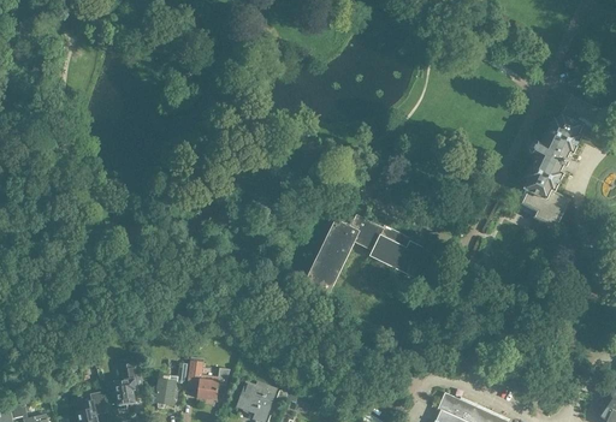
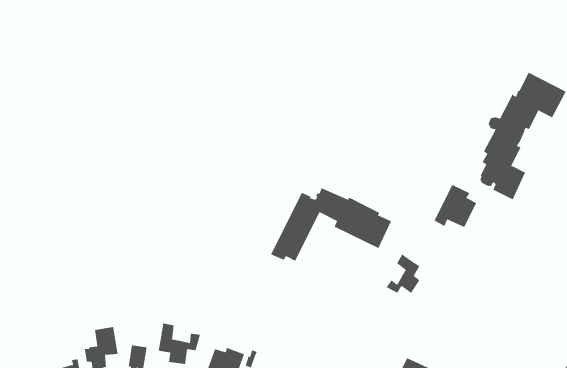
building: none -> [434,184,477,228]
building: none -> [386,254,420,294]

